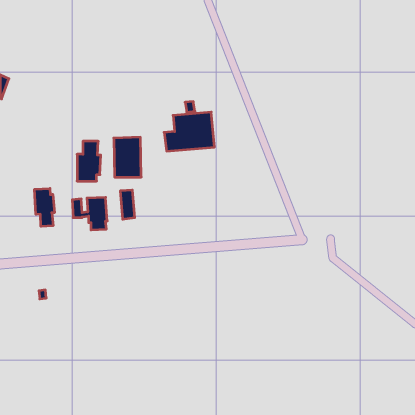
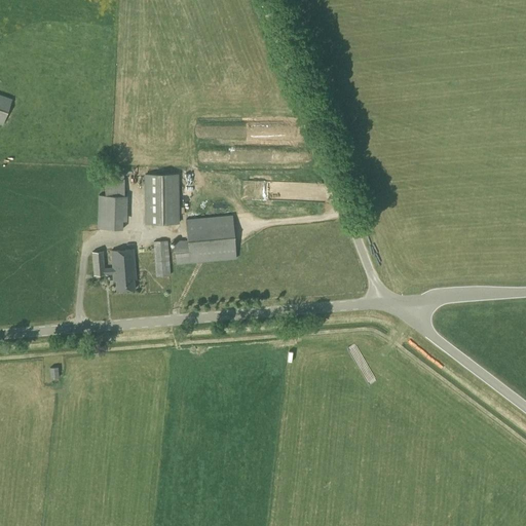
building: [164,112,214,151] -> [173,215,236,264]
building: [35,188,54,226] -> none

